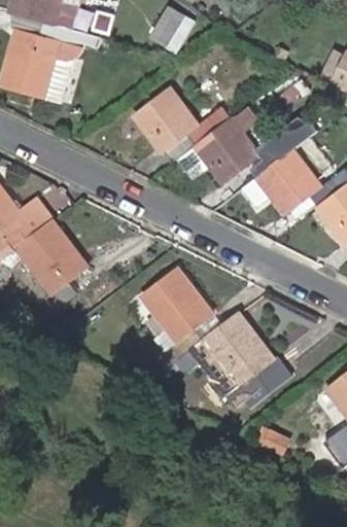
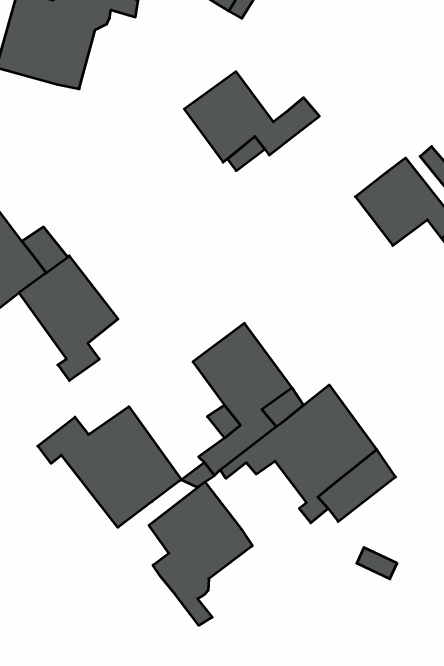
building: [195,106,292,182] -> none
building: none -> [38,407,181,527]
building: none -> [149,482,252,625]

